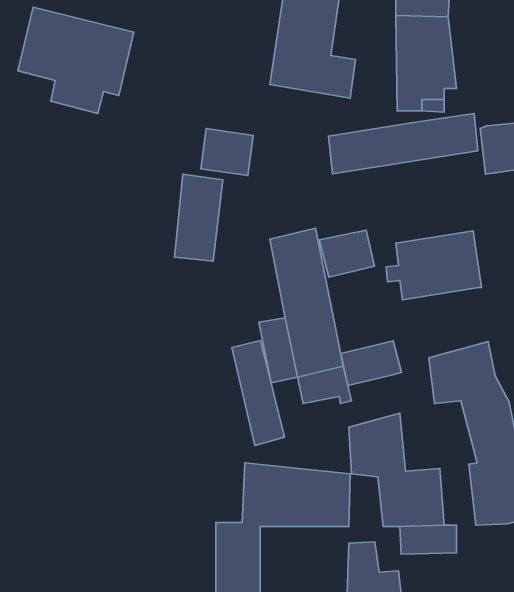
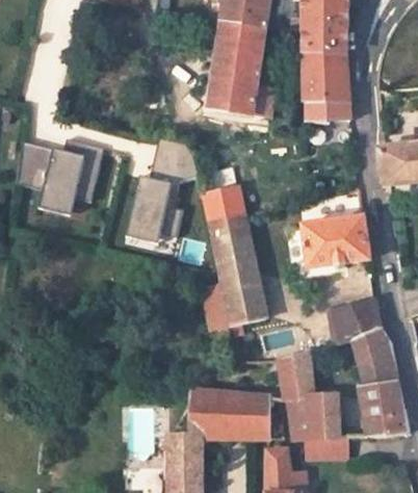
building: [18,7,134,114] -> [16,134,103,214]
building: [329,113,478,174] -> none
building: [319,230,374,277] -> [203,187,244,223]
building: [232,341,284,446] -> none
building: [341,341,402,385] -> none

